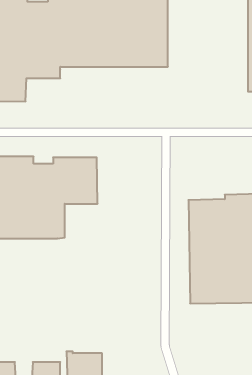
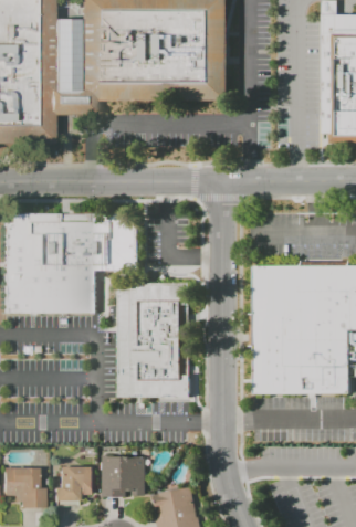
building: none -> [117,281,192,397]

